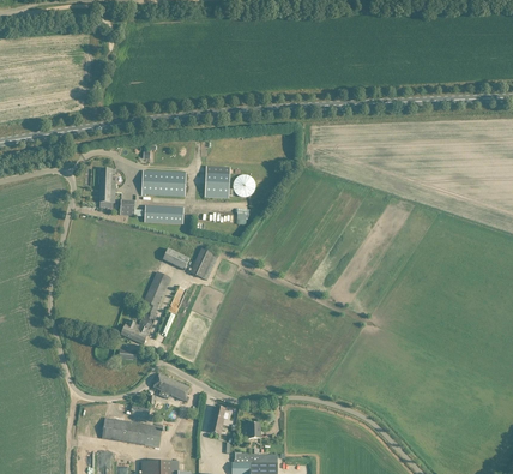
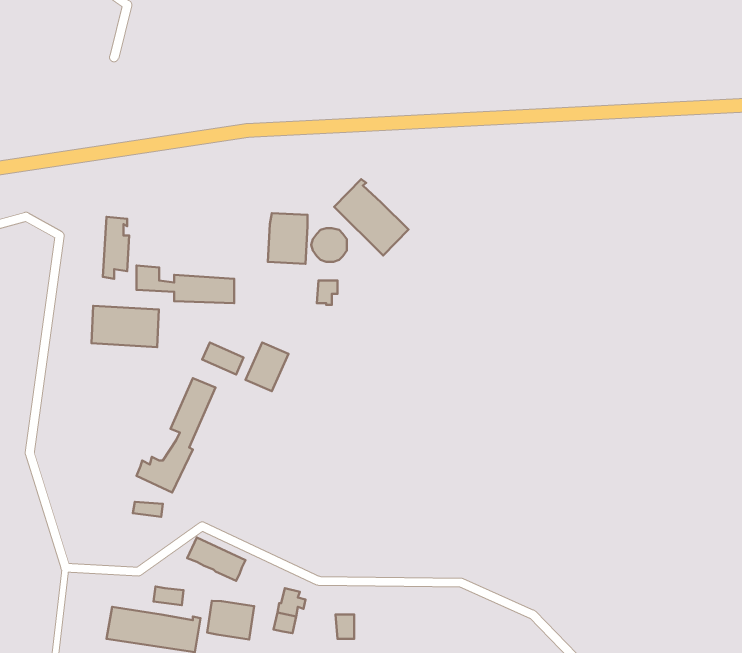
building: none -> [334,179,408,256]
building: [143,170,186,197] -> [91,306,159,347]
building: none -> [207,601,254,639]

